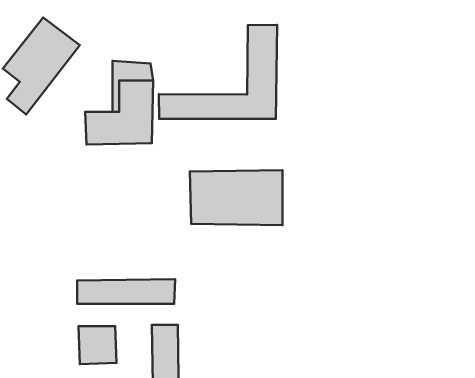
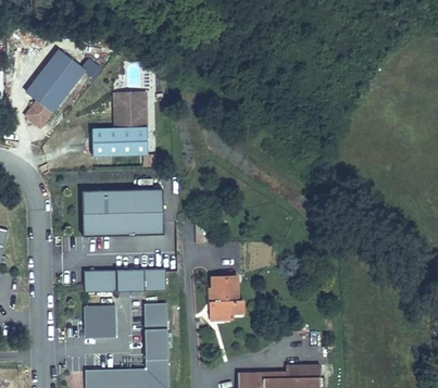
building: [159,25,277,119] -> none
building: [190,170,283,225] -> [82,187,159,233]
building: none -> [205,270,240,314]

